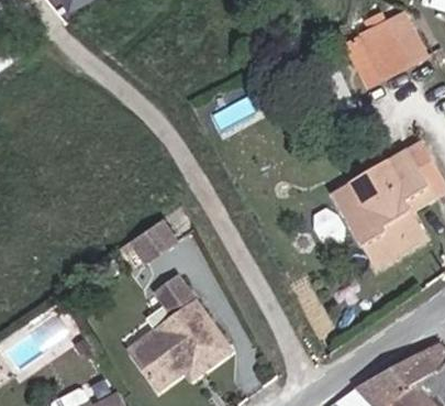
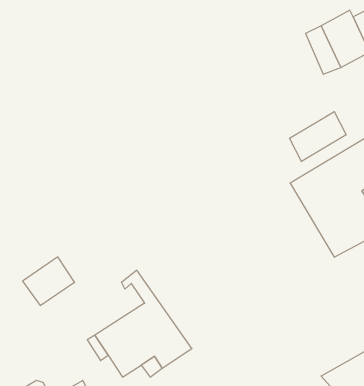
building: none -> [290,112,346,162]
building: [126,216,178,264] -> [23,257,75,305]

